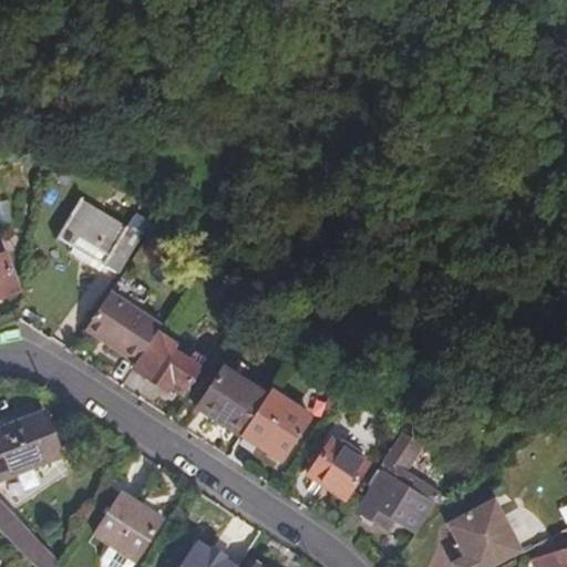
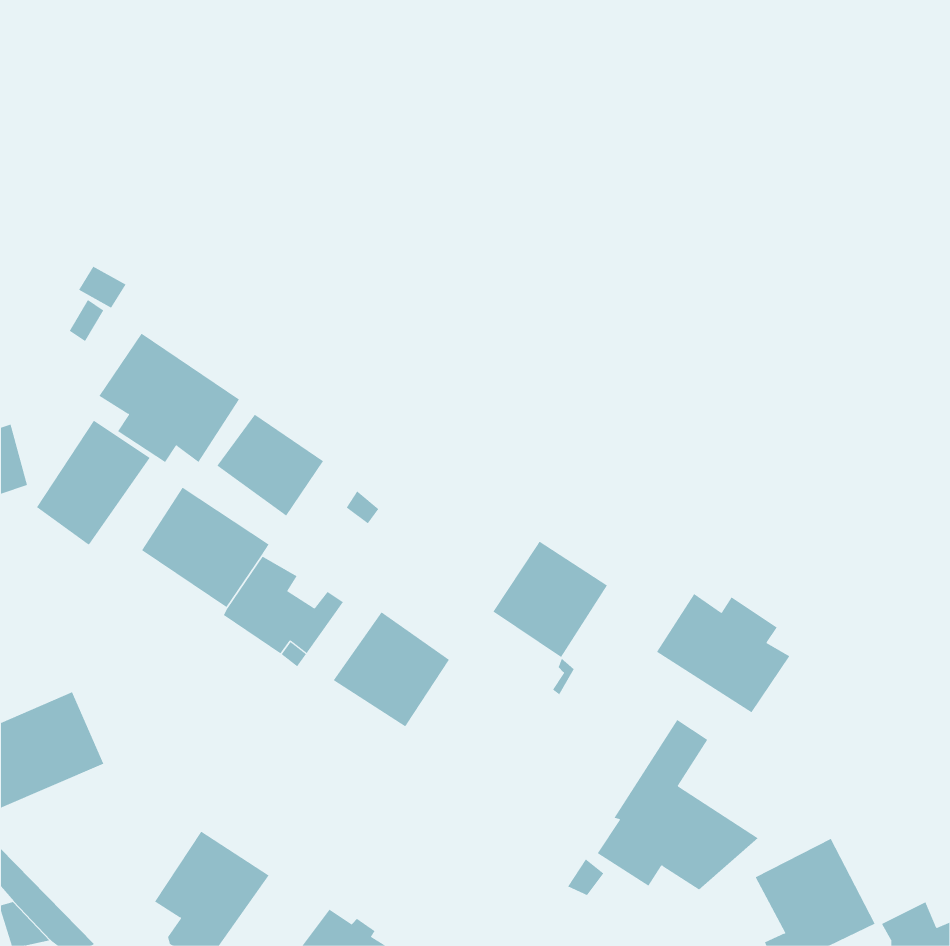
building: none -> [217,414,324,517]
building: none -> [36,420,151,545]
building: none -> [656,593,790,713]
building: [243,390,311,460] -> [493,541,608,658]
building: [308,439,368,497] -> none

